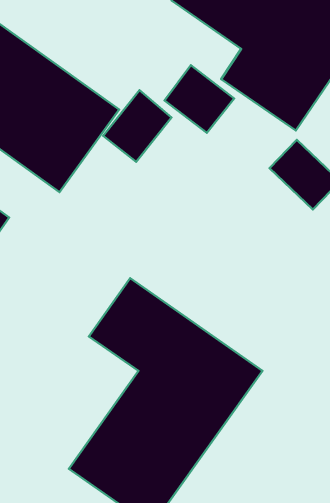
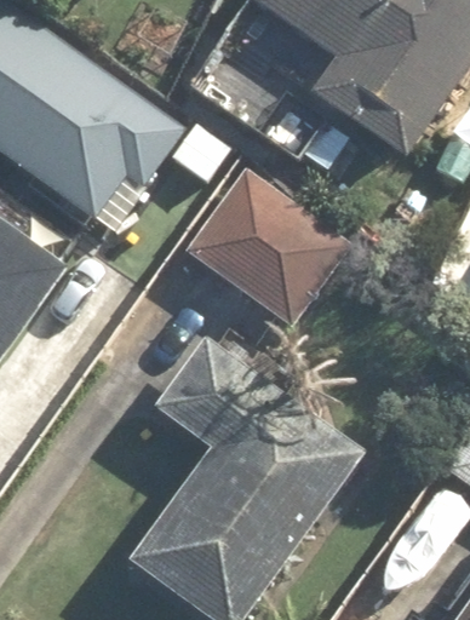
building: none -> [177,163,356,331]

